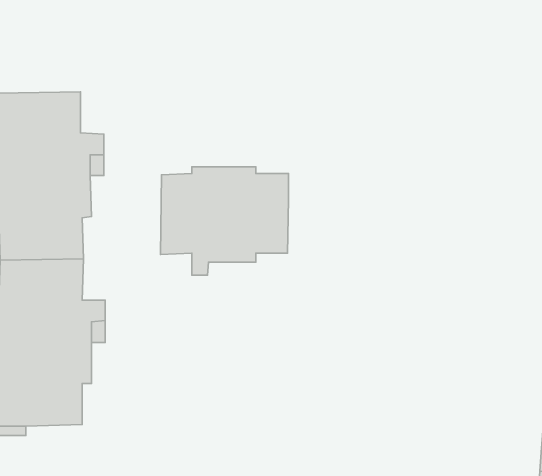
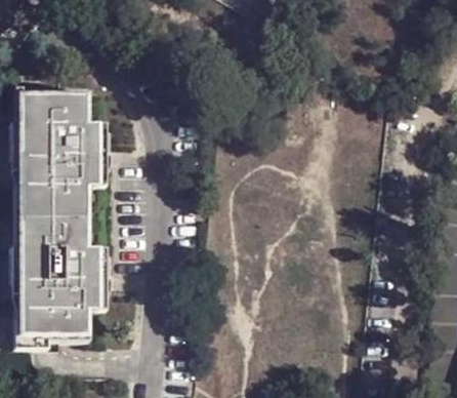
building: [160,167,288,275] -> none

